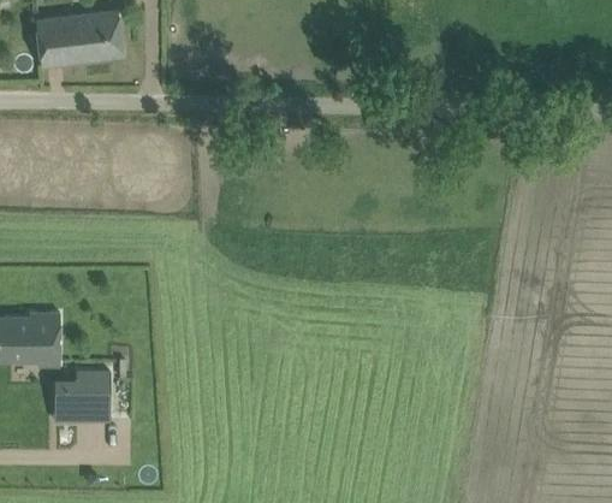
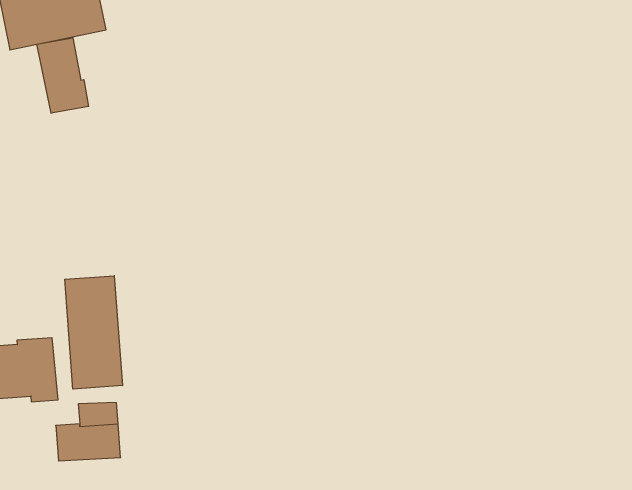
building: none -> [37,38,89,113]
building: none -> [65,276,122,389]

